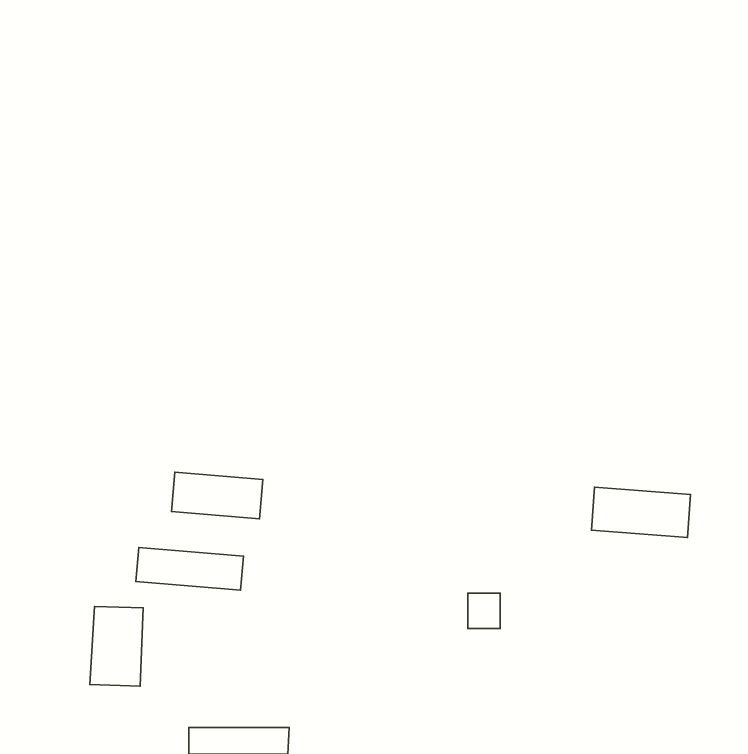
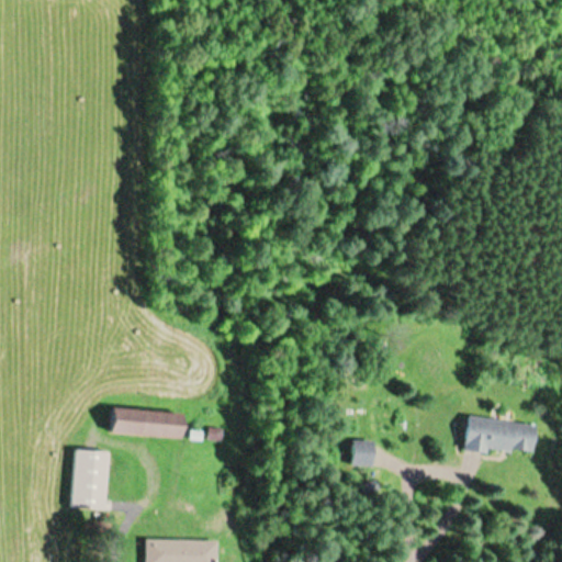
building: [171,472,263,519] -> none
building: [591,487,690,537] -> [464,418,538,456]

